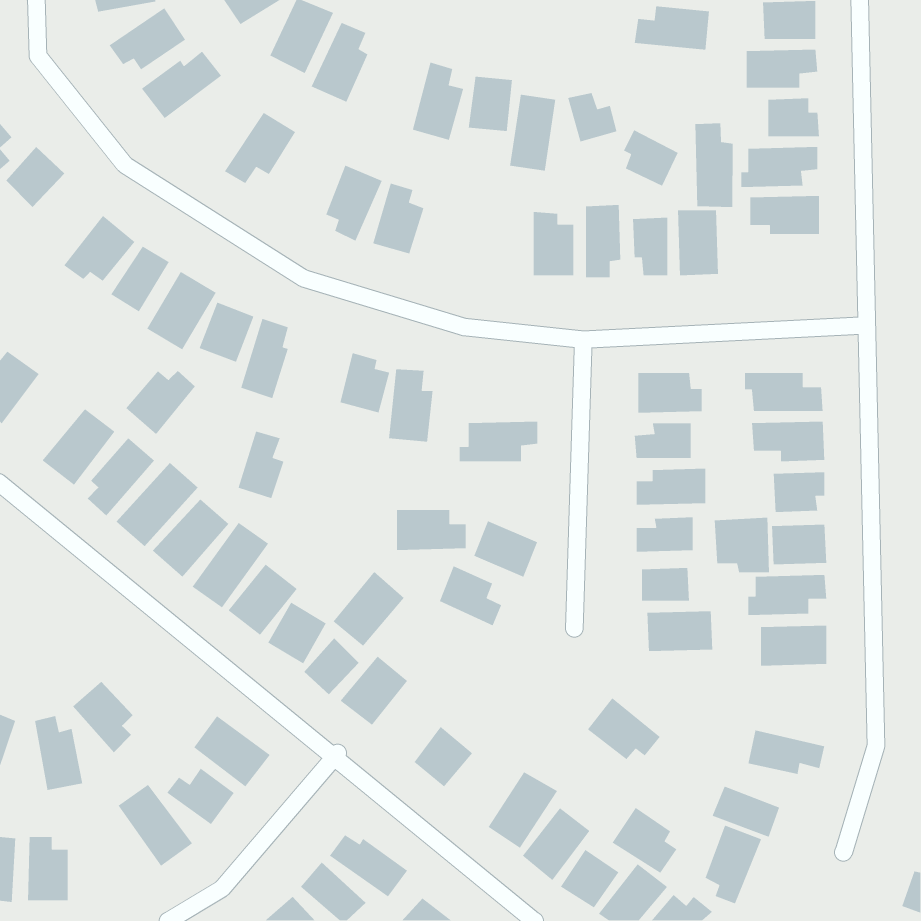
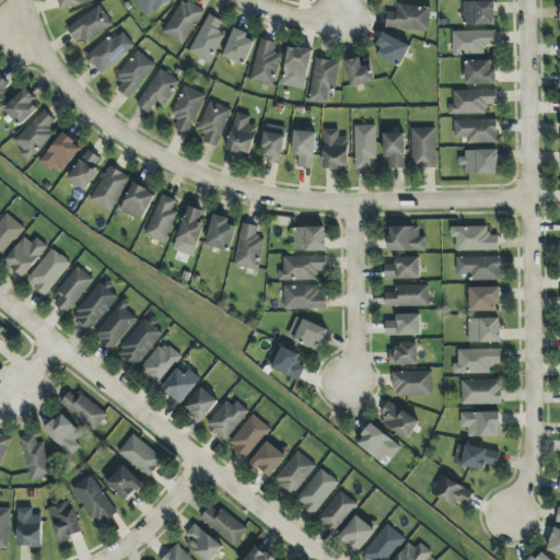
building: none -> [224,30,254,63]
building: none -> [115,49,155,97]
building: [694,123,733,208] -> none
building: [623,129,679,187] -> [375,31,409,66]
building: none -> [171,84,206,133]
building: none -> [12,108,55,159]
building: none -> [259,124,287,163]
building: none -> [291,129,316,167]
building: none -> [460,149,498,173]
building: [125,370,196,435] -> [4,236,47,276]
building: none -> [293,225,325,250]
building: [237,430,284,499] -> [176,205,205,246]
building: [396,509,466,551] -> [283,284,326,310]
building: [714,517,770,573] -> none
building: [332,571,405,647] -> [228,412,271,458]
building: none -> [59,390,106,428]
building: none -> [376,400,419,438]
building: none -> [460,410,500,436]
building: none -> [272,450,315,495]
building: [612,807,677,874] -> none
building: none -> [47,499,81,540]
building: [705,825,762,904] -> none

